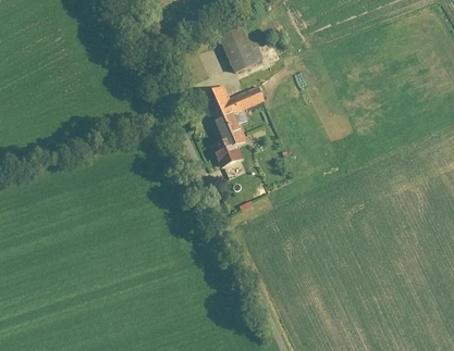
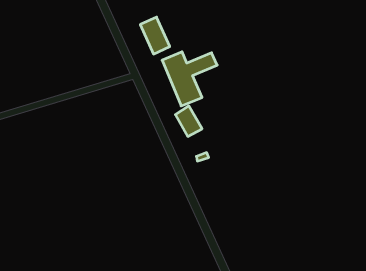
building: [224,30,258,73] -> [140,17,170,54]

